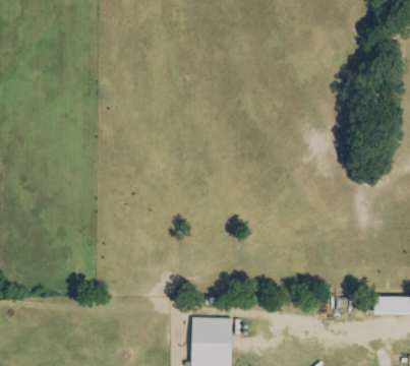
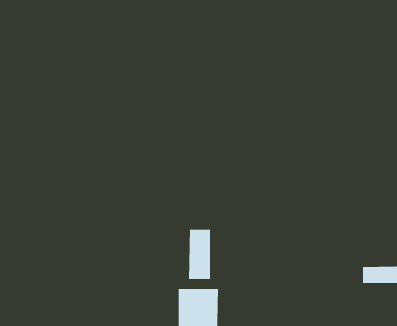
building: none -> [188,229,211,280]

